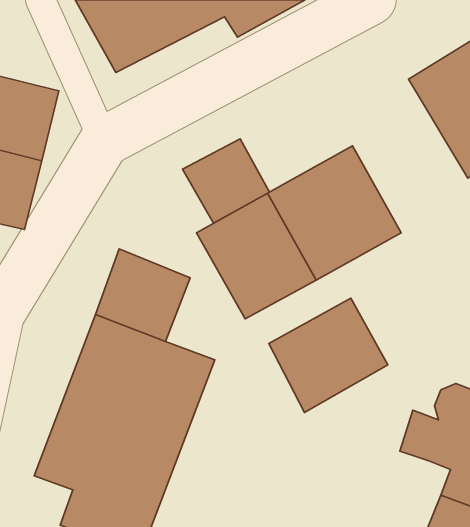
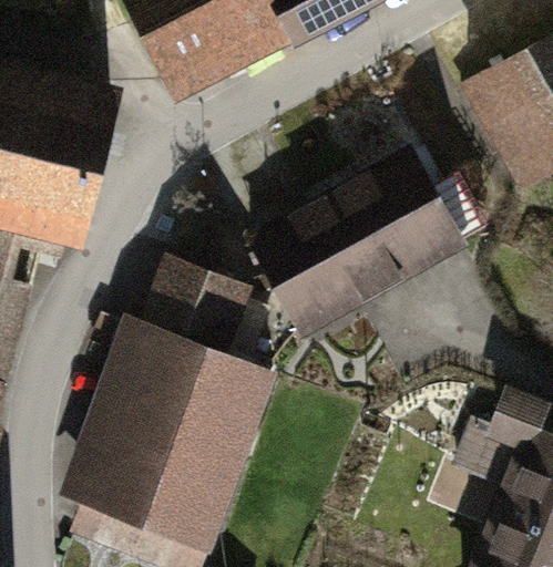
building: [182,139,269,223] -> none
building: [269,298,388,413] -> none

